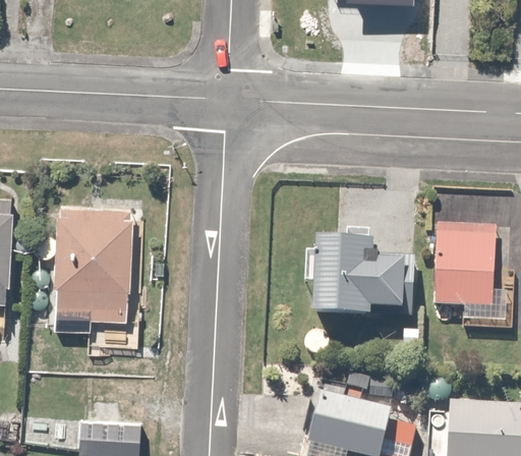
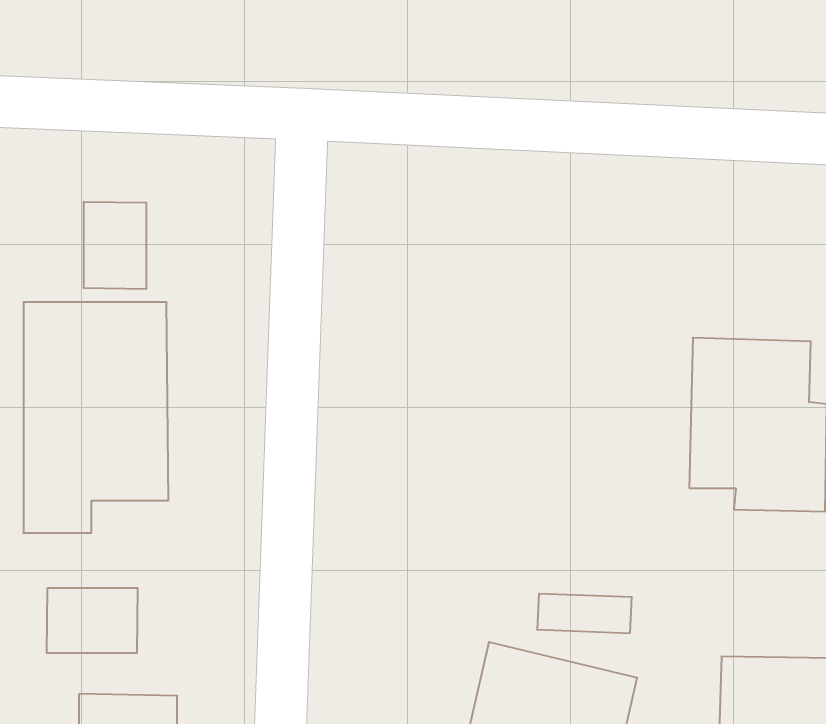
building: none -> [84,202,146,289]
building: [322,243,413,316] -> none
building: none -> [47,588,138,653]

